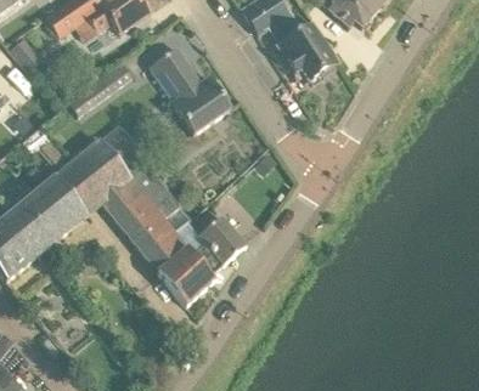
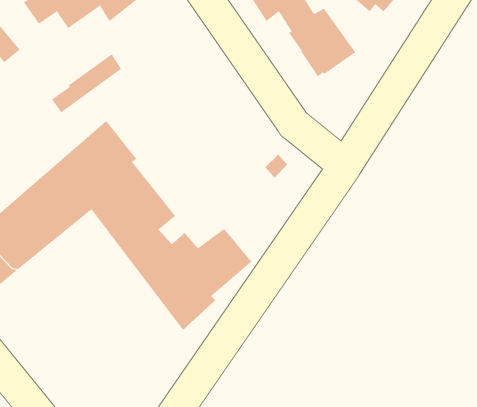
building: [148,47,231,134] -> none

